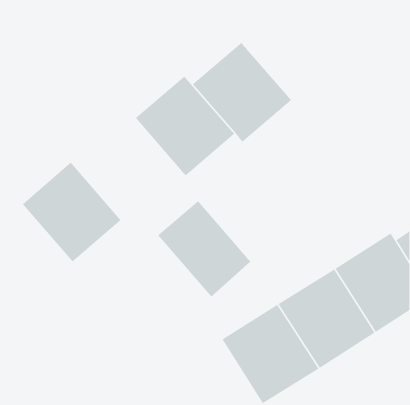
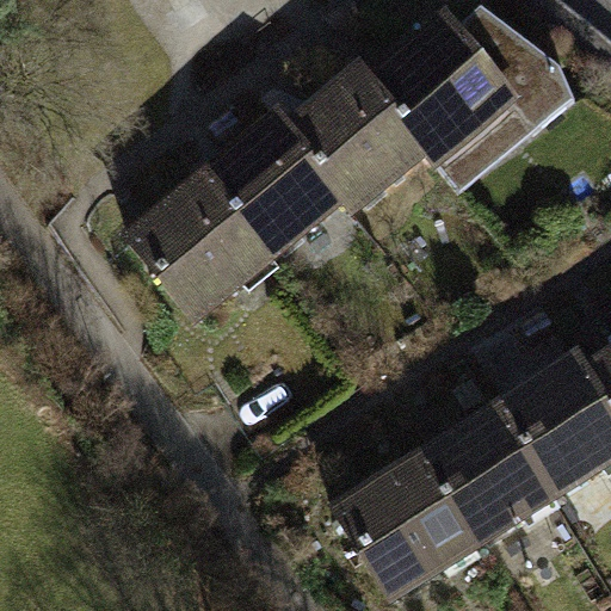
building: none -> [370,5,574,187]
building: [22,162,121,263] -> [128,175,276,326]
building: [157,200,251,298] -> none

